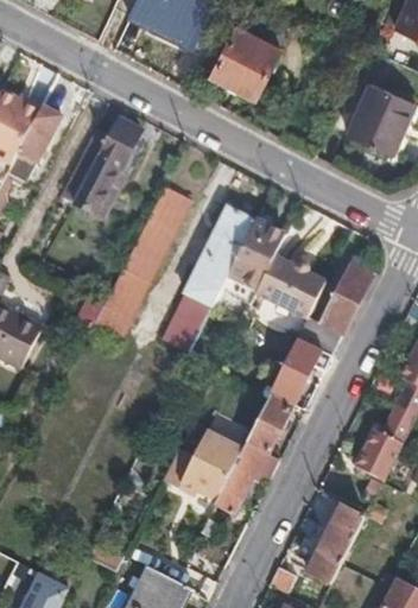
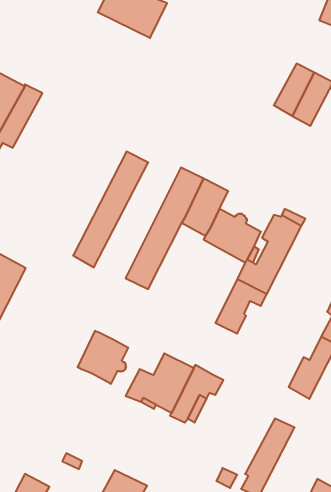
building: [211,14,285,96] -> none
building: [61,119,140,216] -> none
building: [246,392,291,454] -> none
building: none -> [78,331,128,384]

